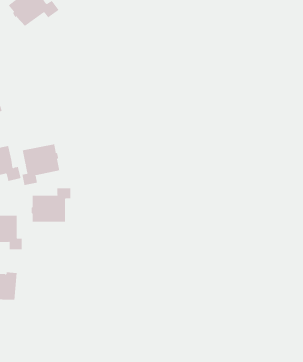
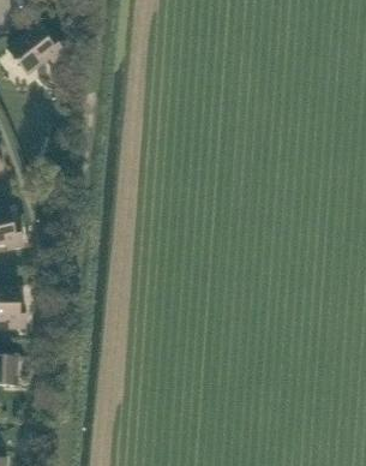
building: [22,143,60,186] -> none
building: [31,188,71,223] -> none

